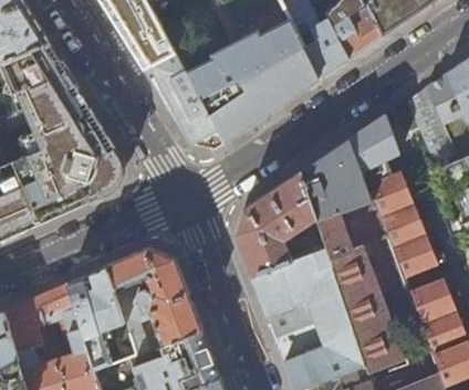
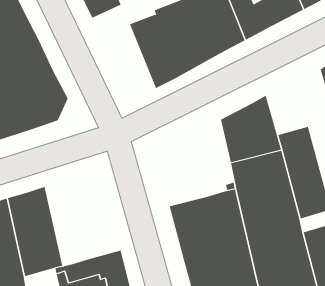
building: [142,51,222,148] -> none
building: [350,113,396,161] -> none
building: [234,170,316,275] -> none
building: [107,249,201,356] -> none

